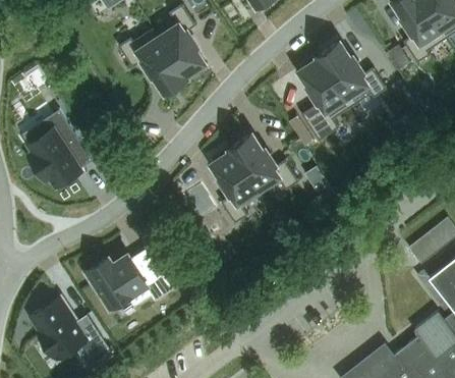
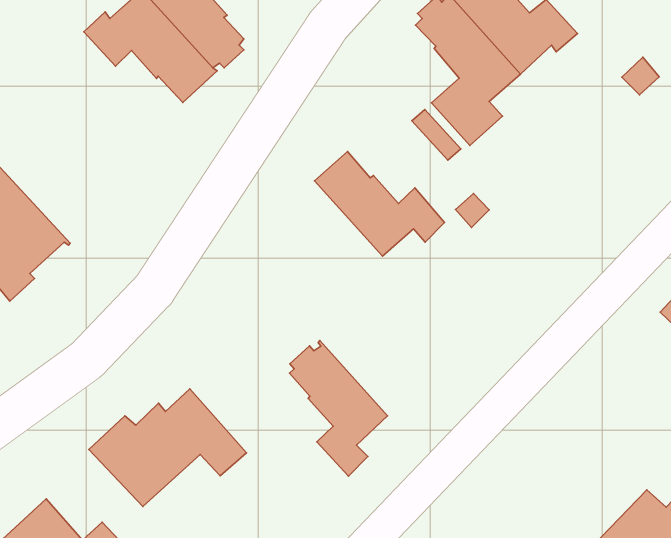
building: [212,147,262,223] -> [289,341,388,476]

